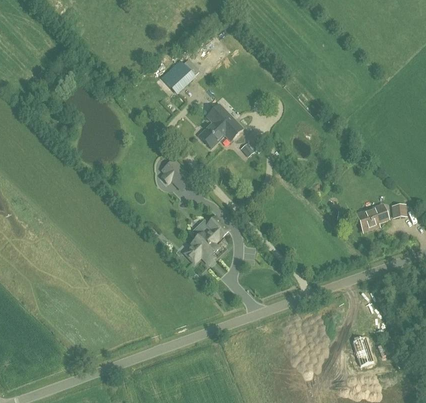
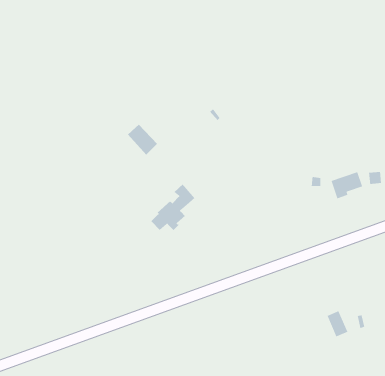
building: [163,61,194,92] -> none
building: [198,104,242,148] -> none

